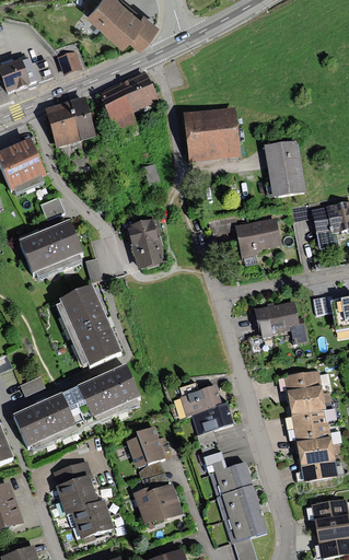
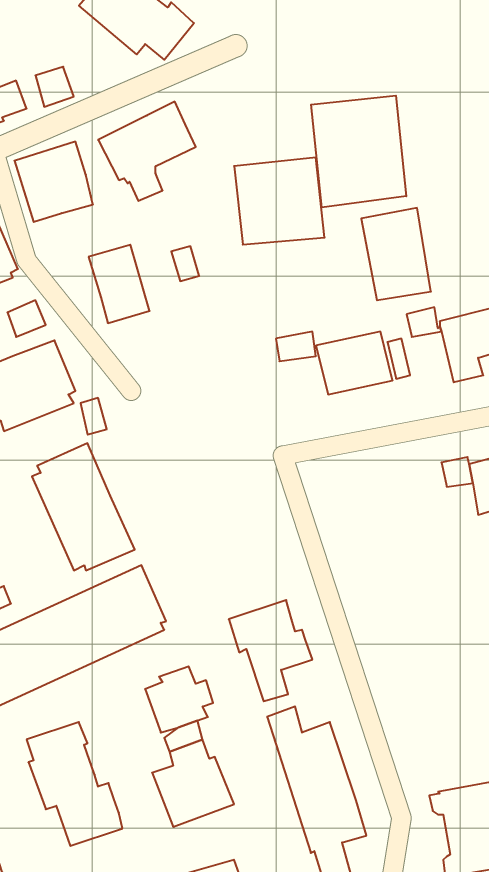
building: none -> [311,96,406,207]
building: [127,219,165,268] -> [89,245,150,323]
building: [254,300,307,342] -> none
building: [282,368,338,480] -> none

